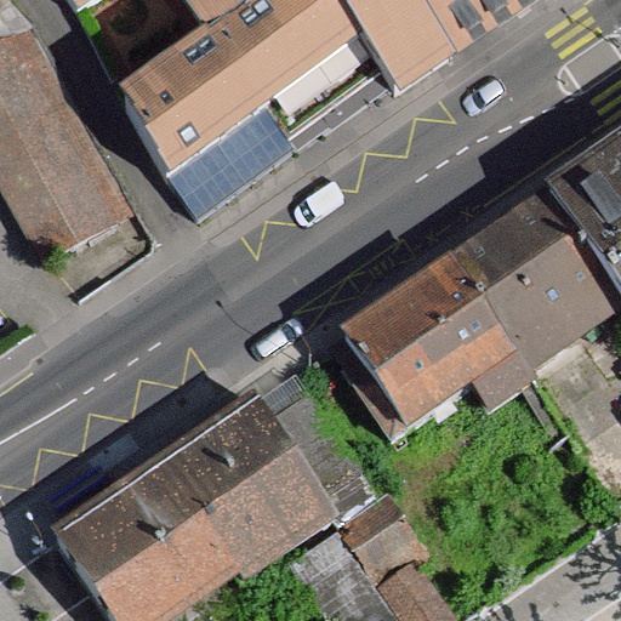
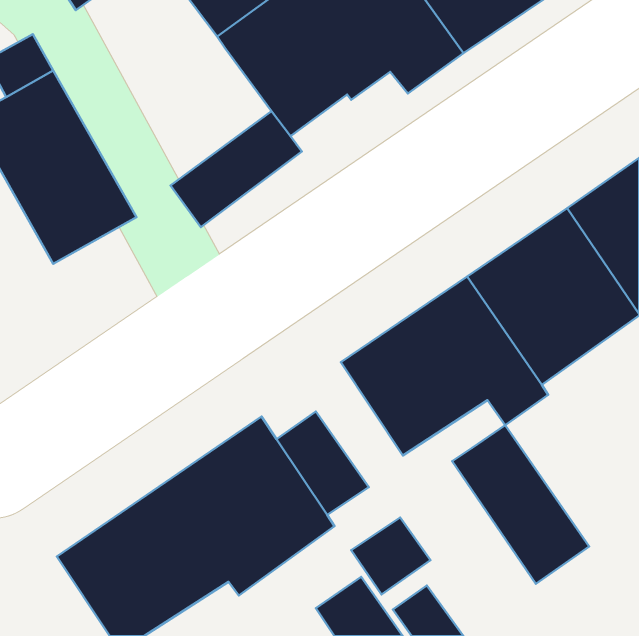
building: [121,46,261,178] -> none
building: none -> [452,425,589,584]

